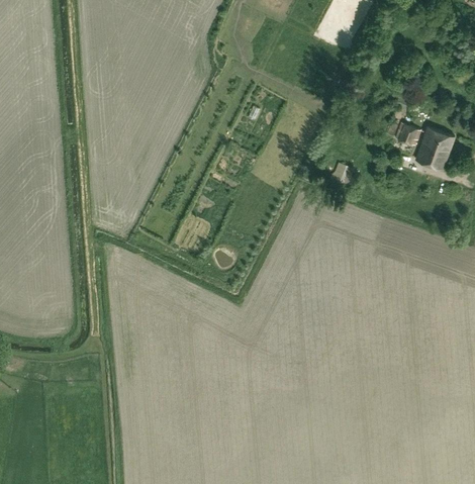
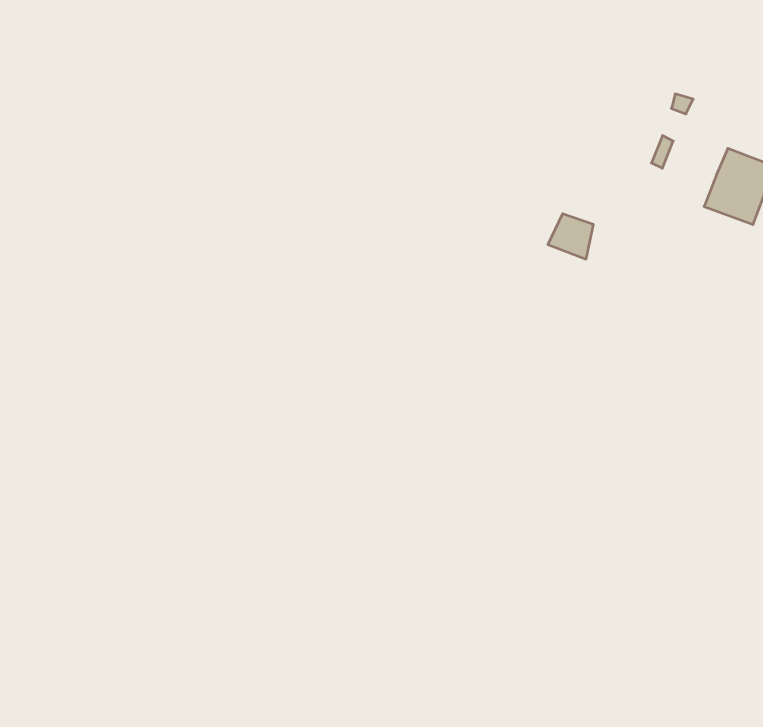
building: [395,122,421,147] -> none

